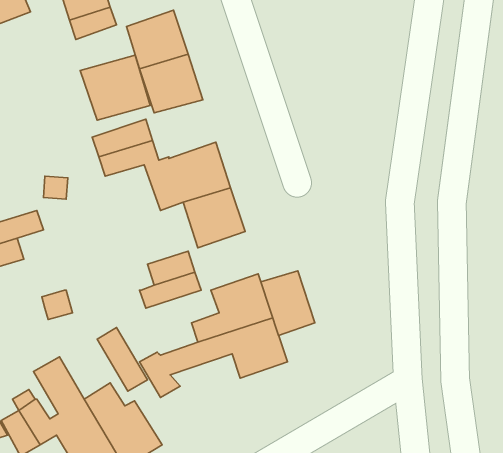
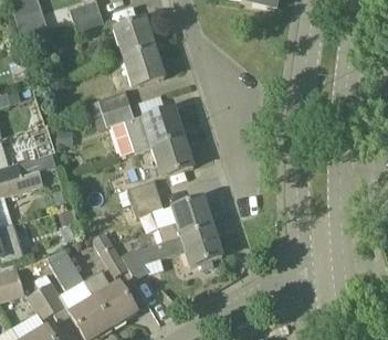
building: [80,55,150,120] -> none
building: [261,271,315,335] -> none

